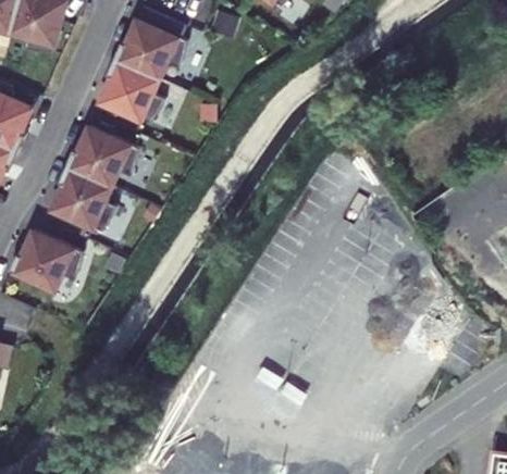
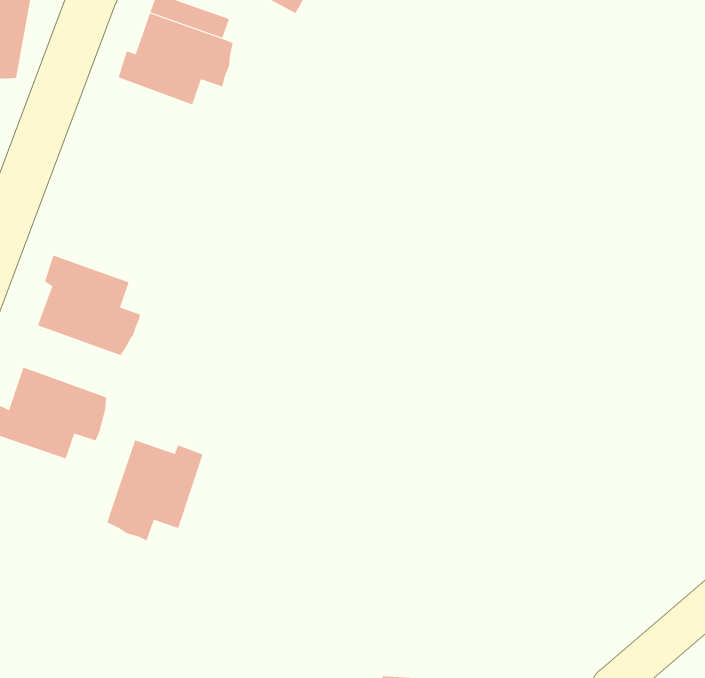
building: [98,59,163,125] -> none
building: [63,128,138,187] -> none
building: none -> [107,439,203,541]

